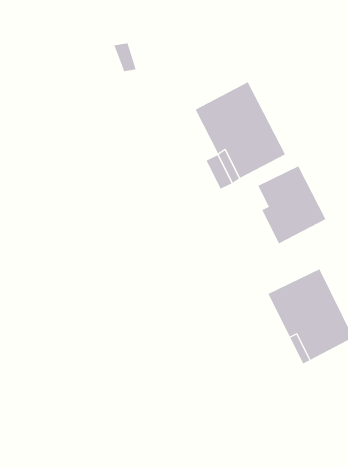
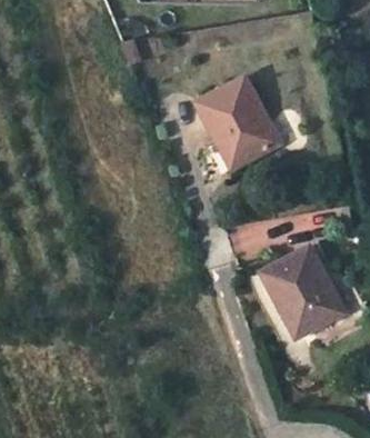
building: [258,166,326,244] -> none

